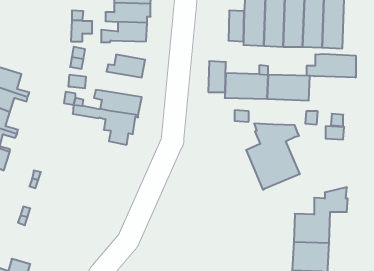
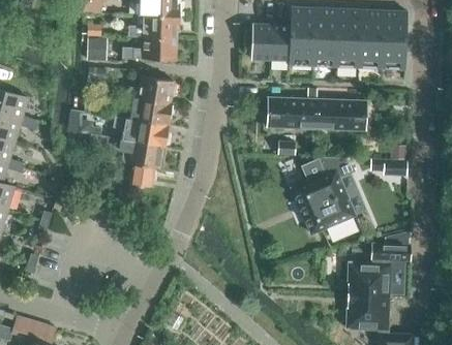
building: [307,54,356,78] -> none
building: [208,61,226,92] -> [252,23,273,59]
building: none -> [125,95,174,125]

